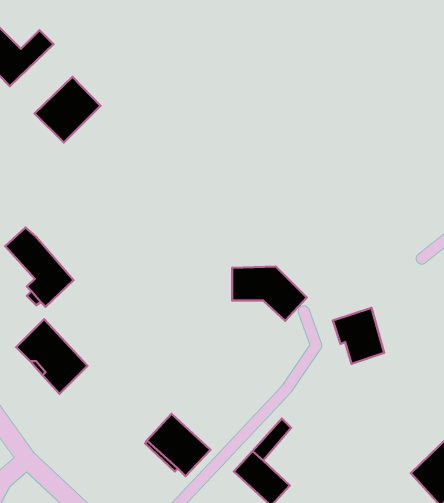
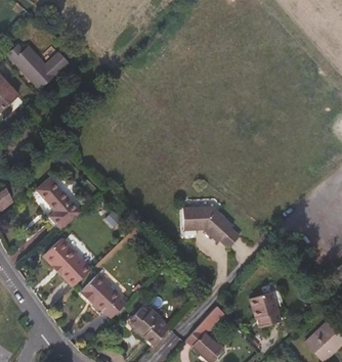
building: [34,77,100,142] -> none
building: [333,308,384,364] -> [249,290,283,327]
building: none -> [81,276,125,320]

